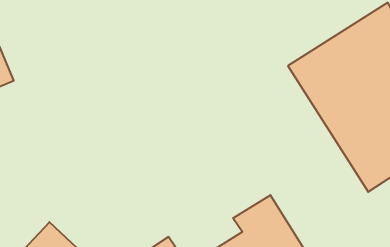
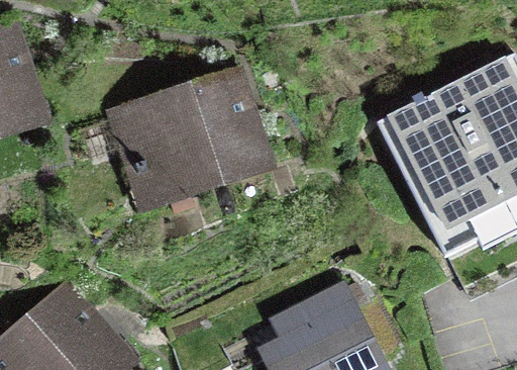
building: none -> [119,75,261,192]

